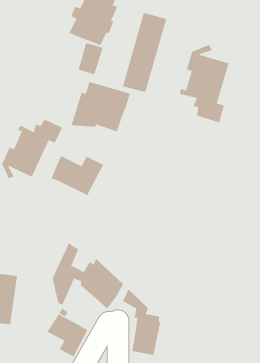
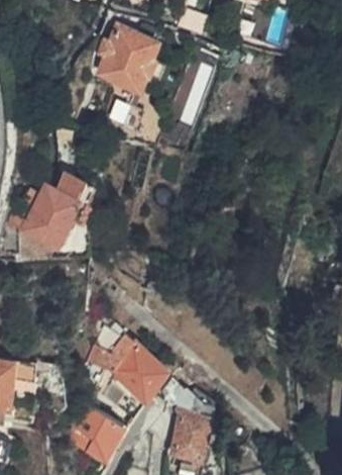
building: [180,44,229,123] -> none
building: [71,81,130,132] -> none
building: [51,155,104,196] -> none

